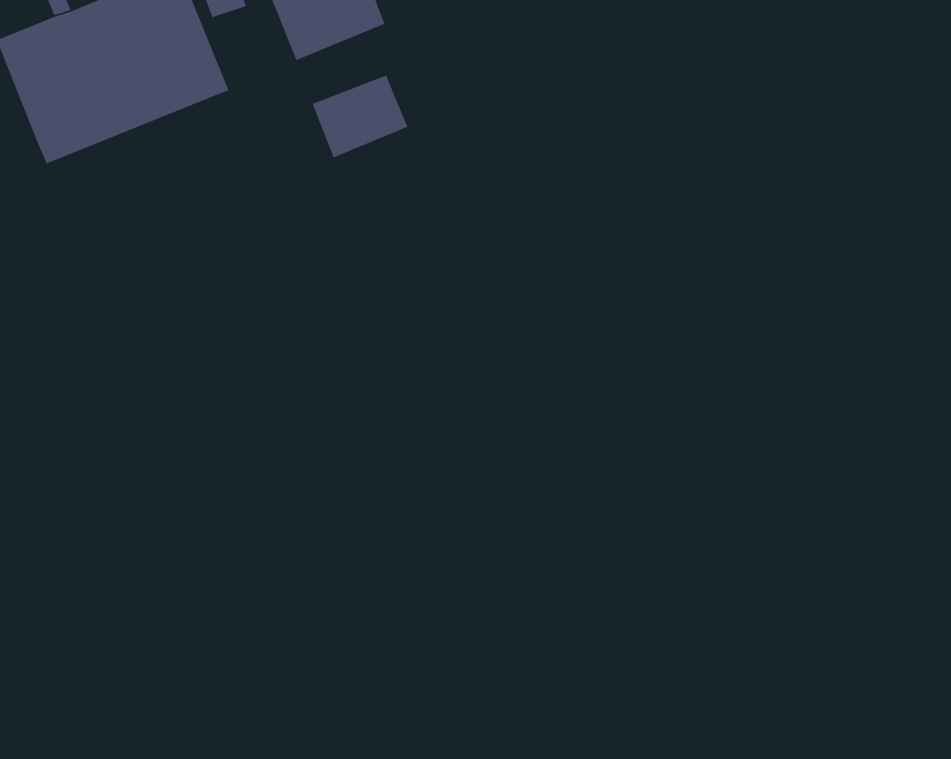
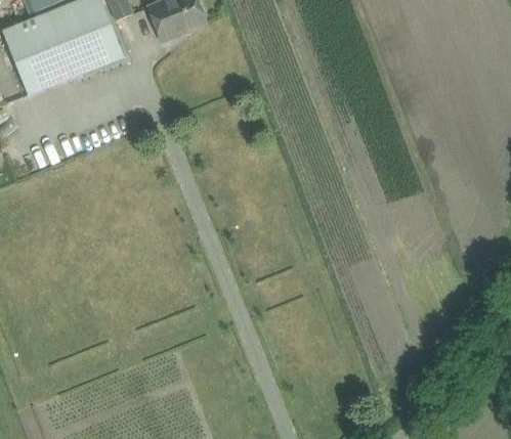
building: [311,74,409,158] -> none

